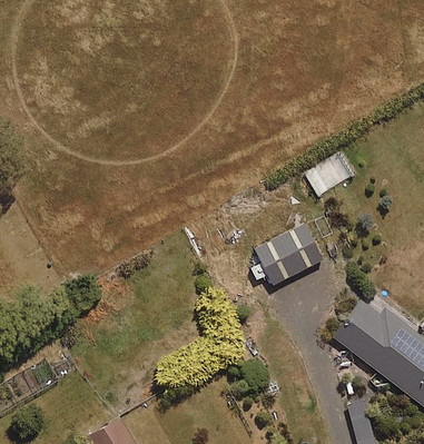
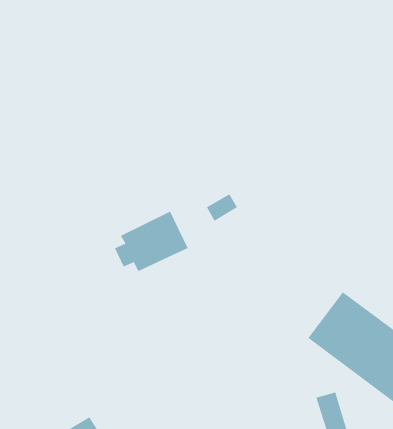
building: [305,152,353,195] -> none
building: [249,224,323,284] -> [114,211,189,272]

